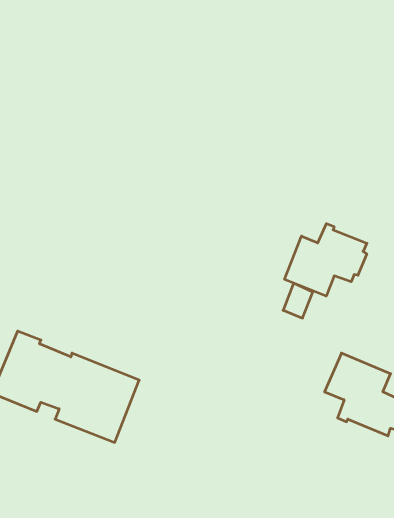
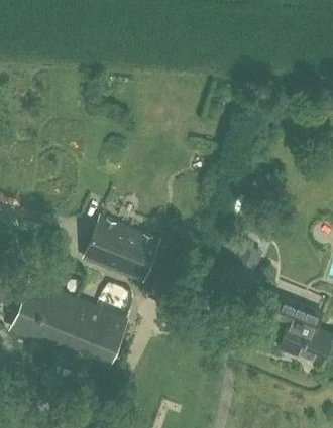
building: [285,224,367,296] -> none
building: none -> [83,213,160,283]

